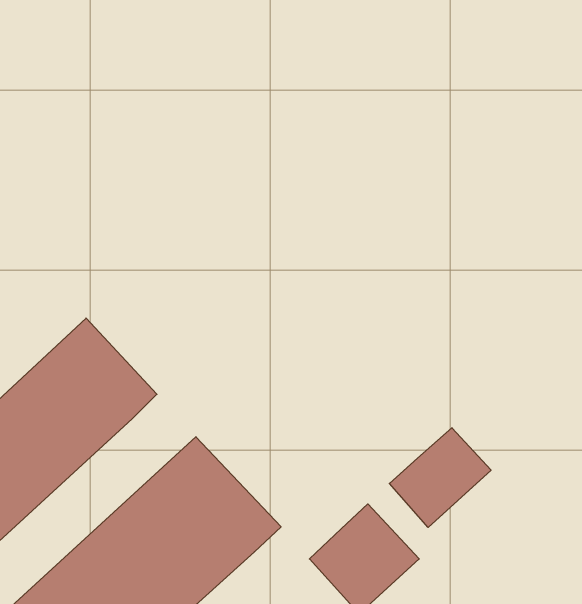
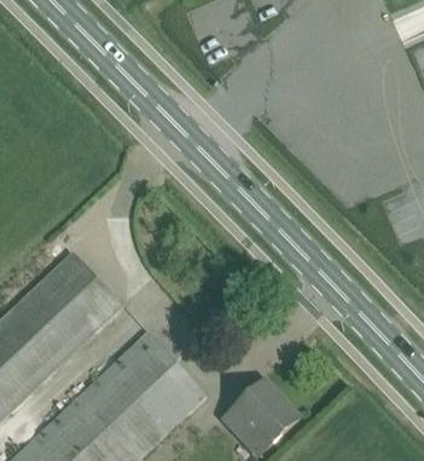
building: [389,428,491,527] -> none

